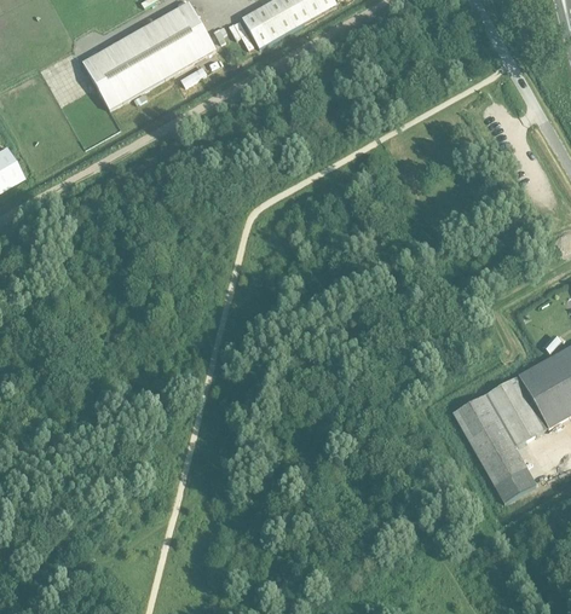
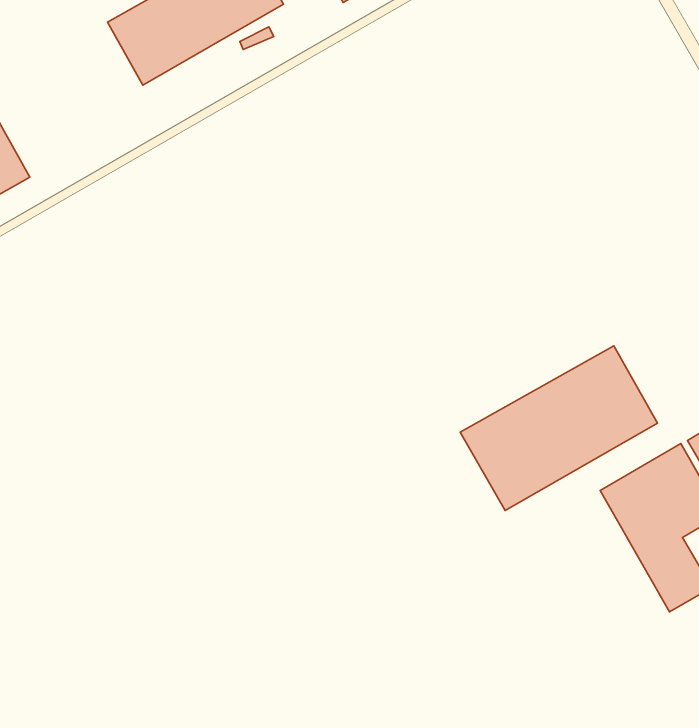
building: none -> [460,346,657,510]

